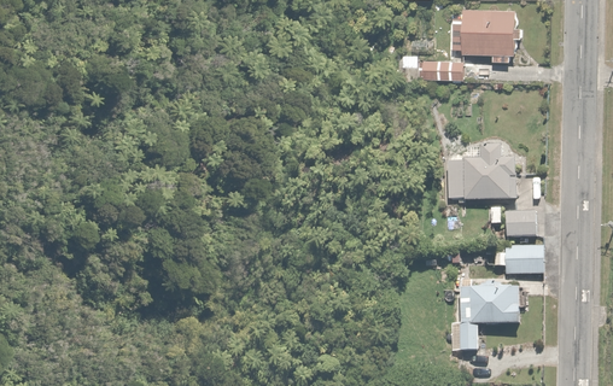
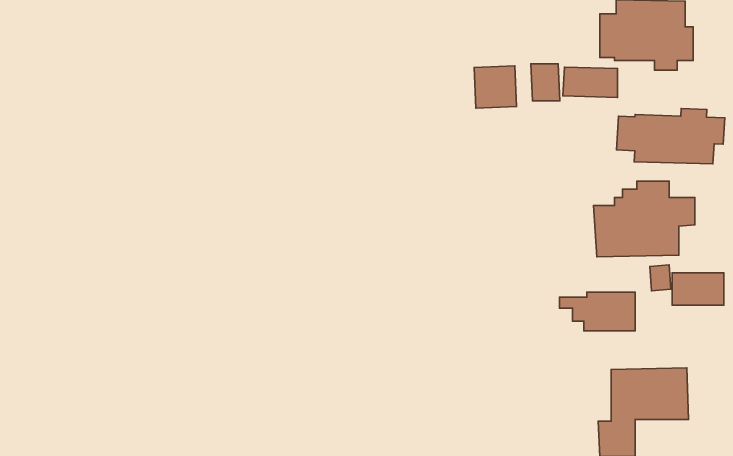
building: none -> [474,66,517,108]
building: none -> [617,109,725,164]
building: [486,244,543,273] -> [560,292,635,331]

